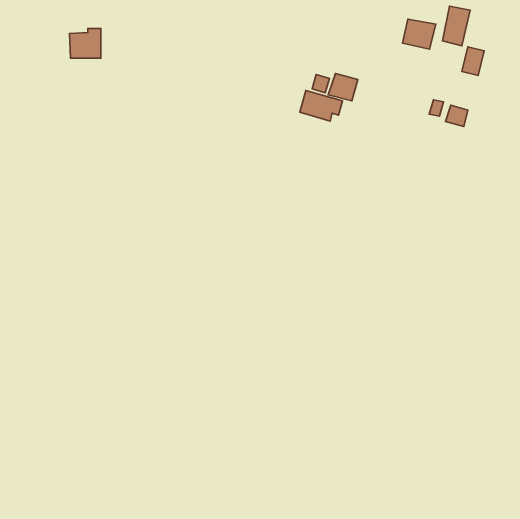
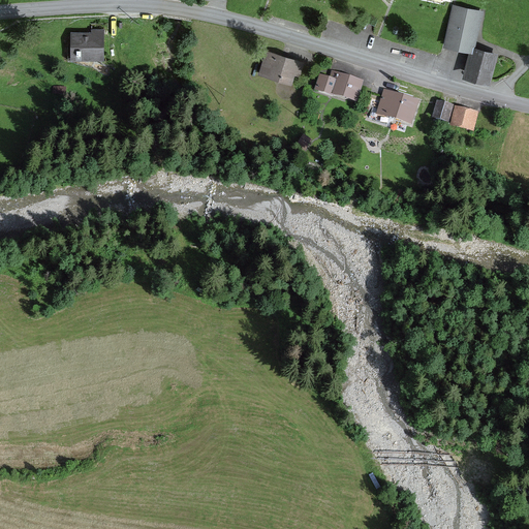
building: [402,19,436,49] -> none
building: none -> [376,90,416,122]
building: [300,91,343,121] -> [258,52,302,83]

